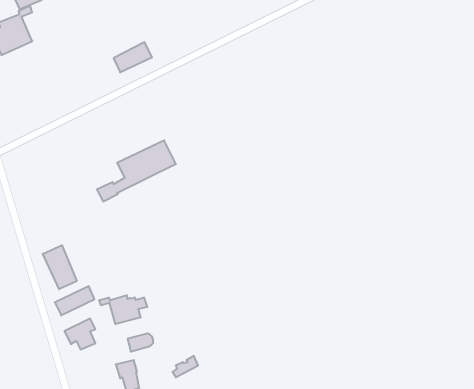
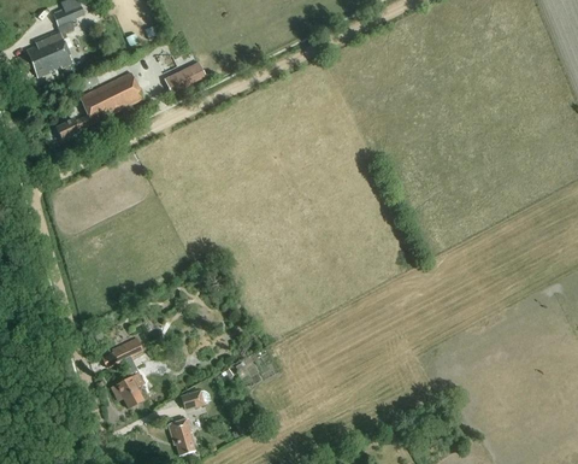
building: [97,140,176,201] -> [57,70,146,139]
building: [43,245,77,289] -> none
building: [99,295,147,324] -> none

